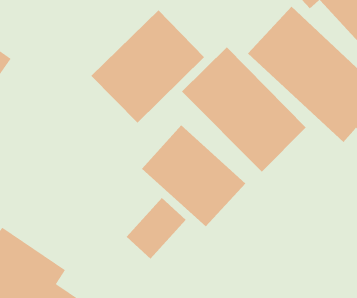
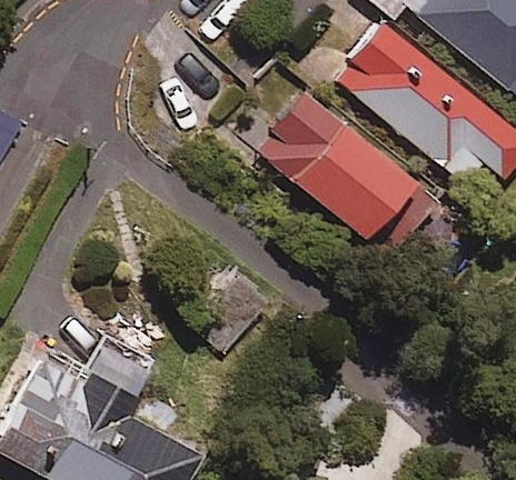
building: [90,9,205,124] -> none
building: [141,125,246,227] -> none

